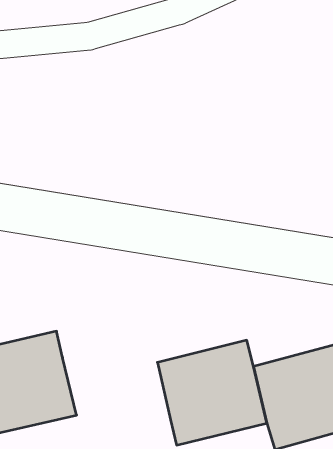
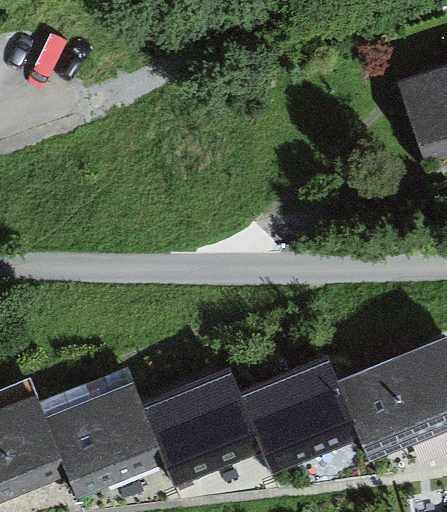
building: none -> [146,370,263,483]

